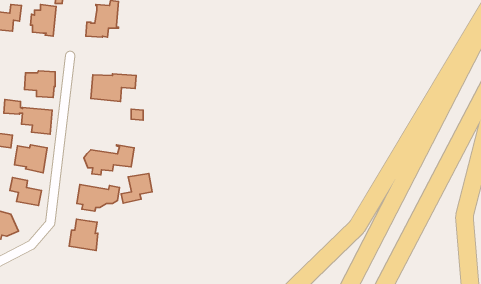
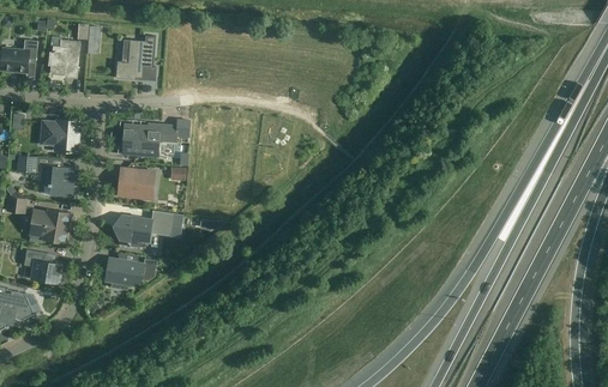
building: none -> [118,169,155,198]
building: [121,173,152,203] -> none
building: [69,219,98,250] -> none

